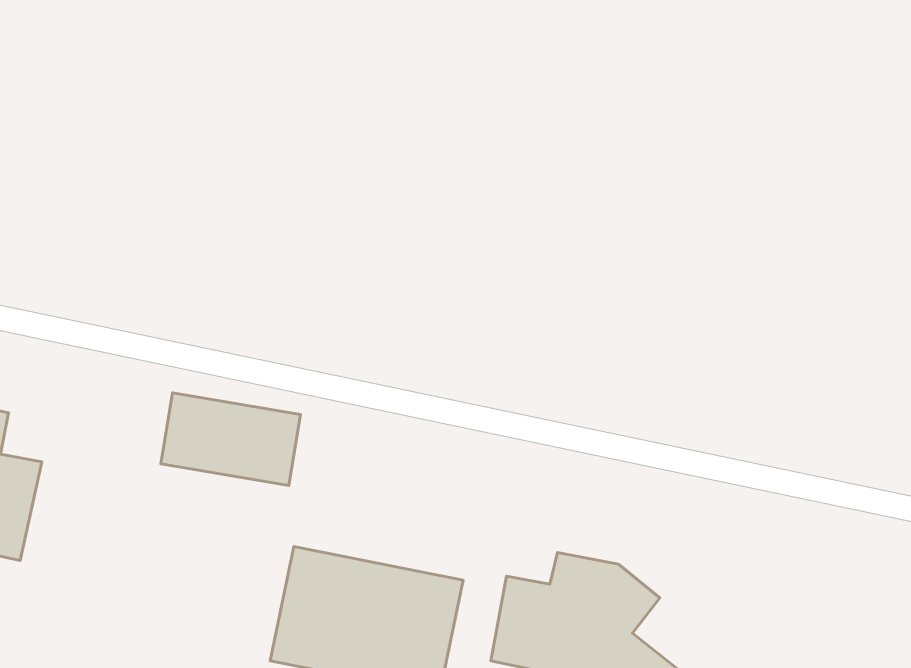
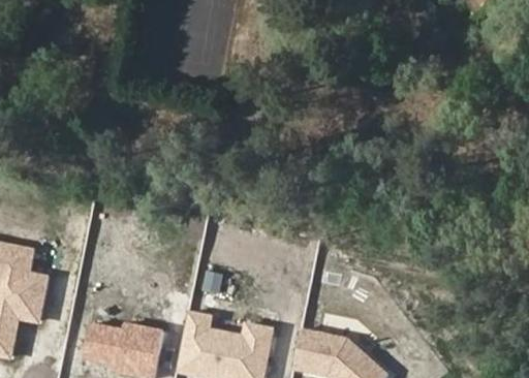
building: [161,393,301,485] -> [86,319,159,368]

